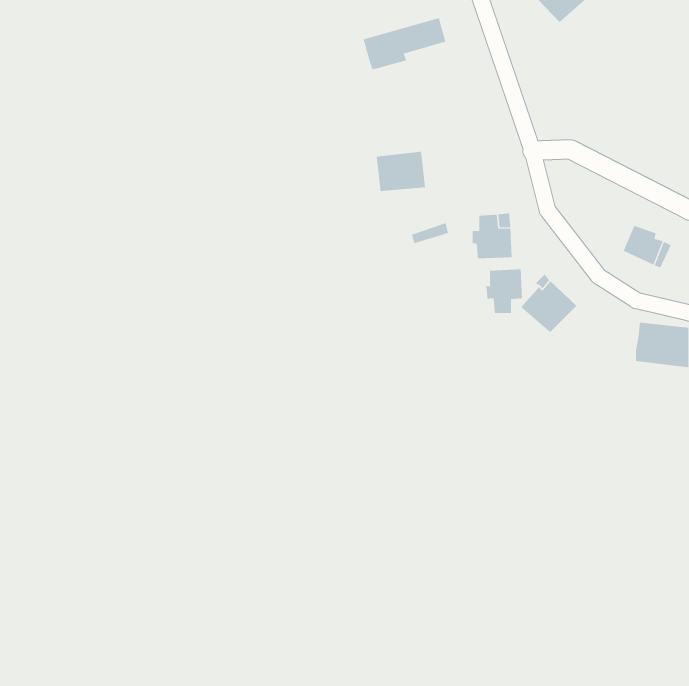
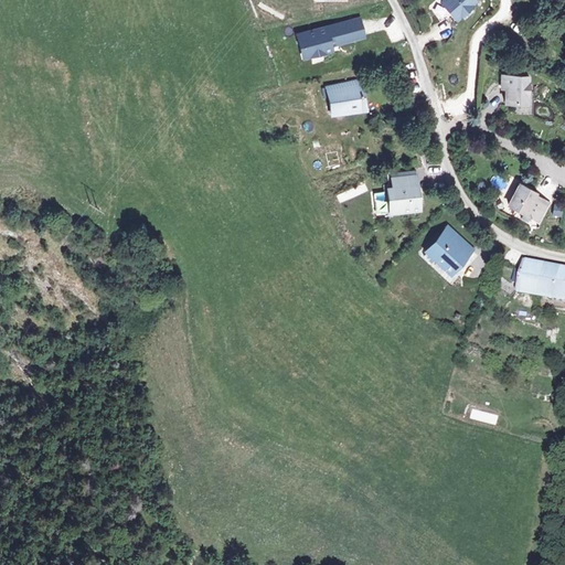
building: none -> [508,76,530,100]
building: [376,151,426,192] -> [326,82,366,115]
building: [486,268,523,314] -> none

